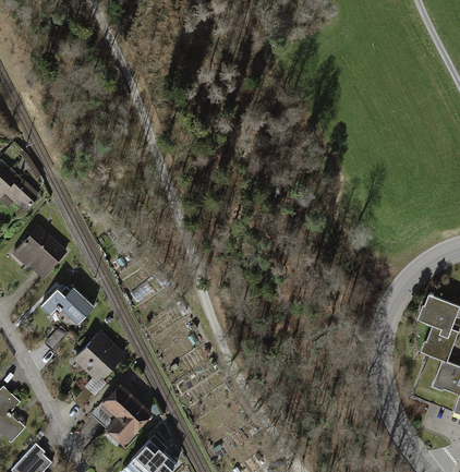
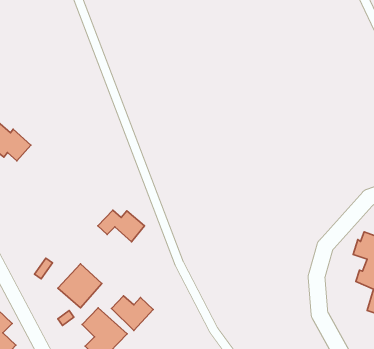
building: [13,228,66,281] -> none
building: [39,289,94,326] -> [98,210,145,242]
building: none -> [112,296,153,331]

